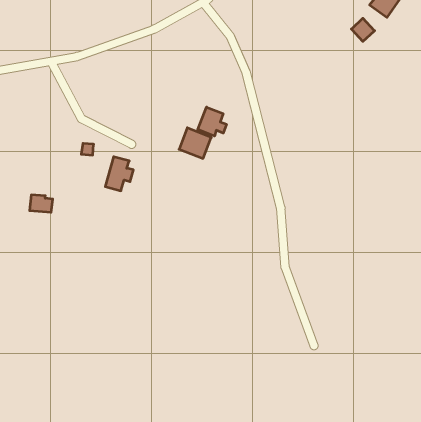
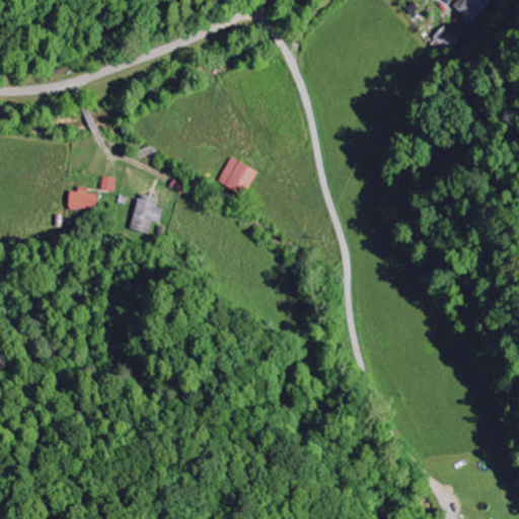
building: [198,107,226,136] -> none
building: [30,195,53,212] -> [67,188,95,209]

